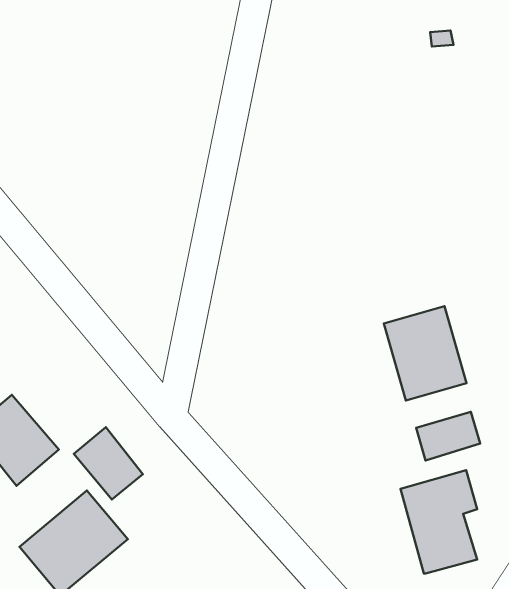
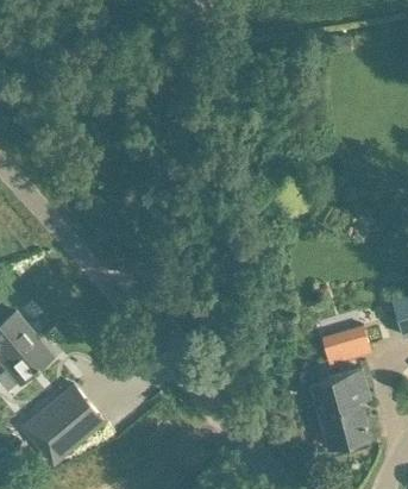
building: [384,306,466,401] -> none
building: [74,427,143,500] -> none

